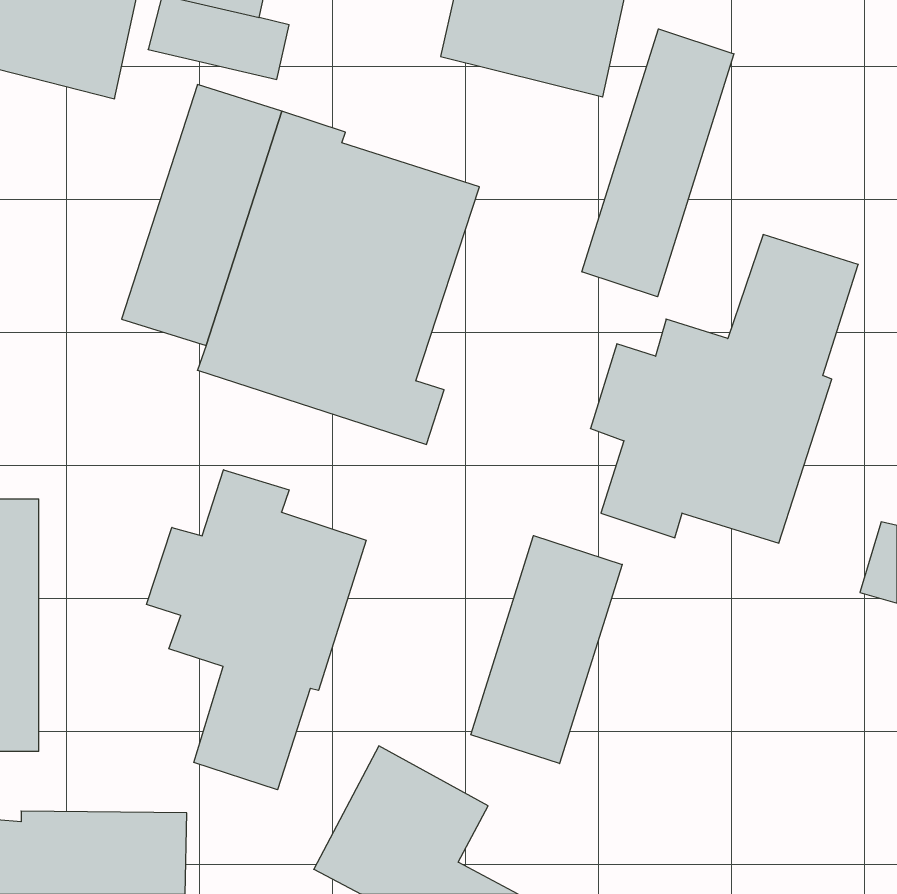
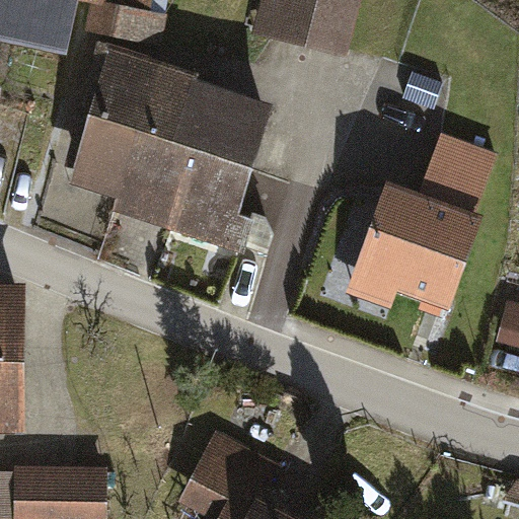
building: [582,29,734,297] -> none
building: [147,470,366,790] -> none
building: [471,536,622,764] -> none

